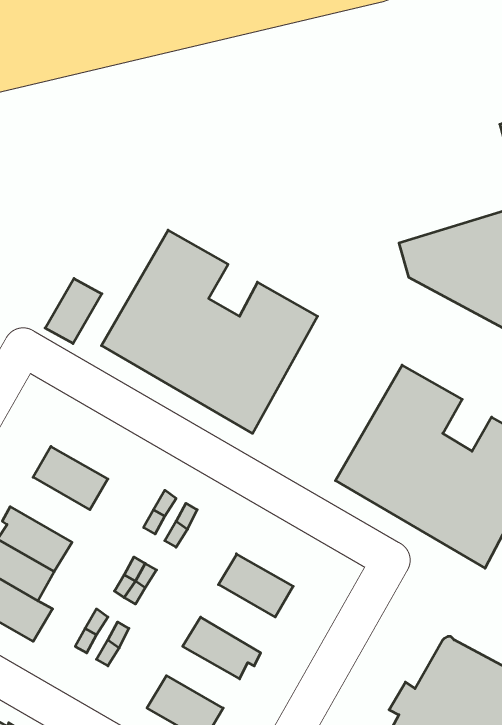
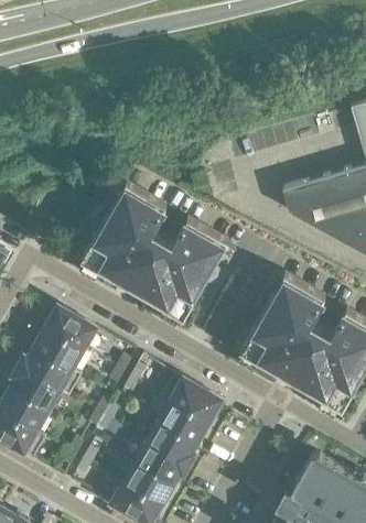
building: [45,278,102,344] -> none
building: none -> [46,307,97,350]
building: none -> [19,349,83,399]
building: none -> [162,374,223,423]
building: none -> [148,422,198,468]
building: none -> [125,464,174,505]

